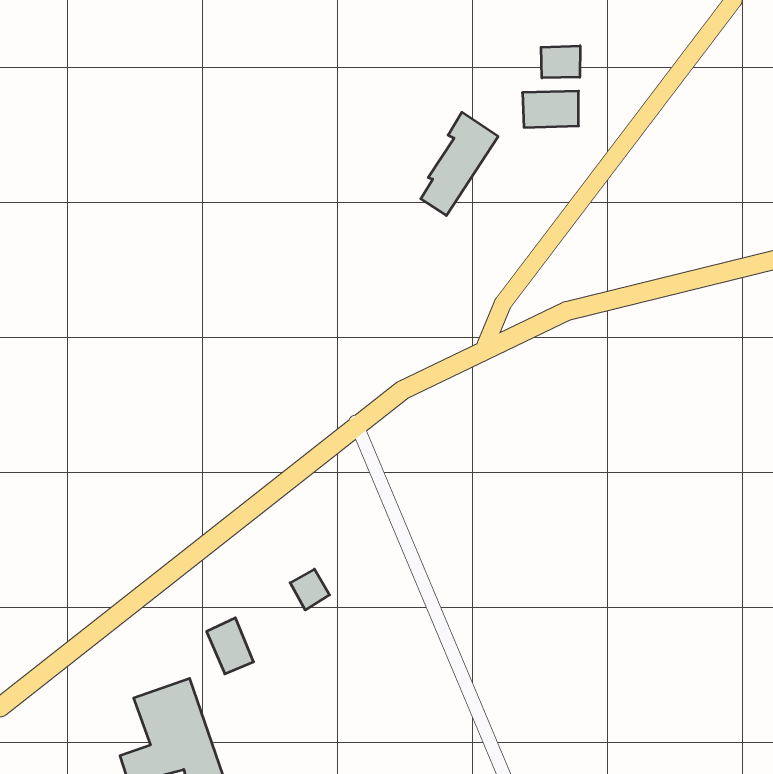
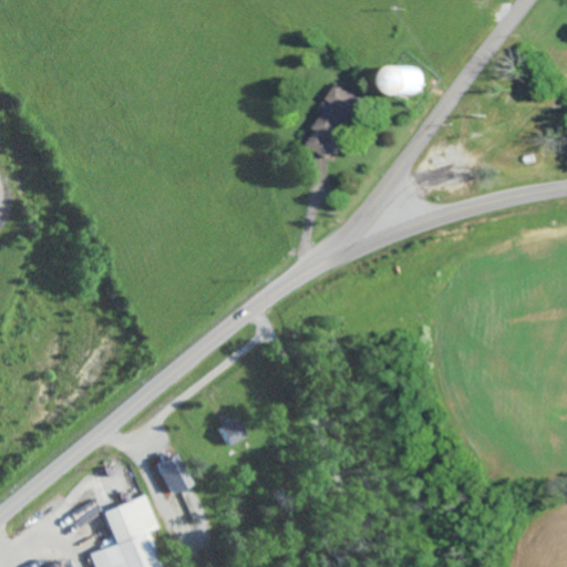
building: [541,46,580,78] -> none

